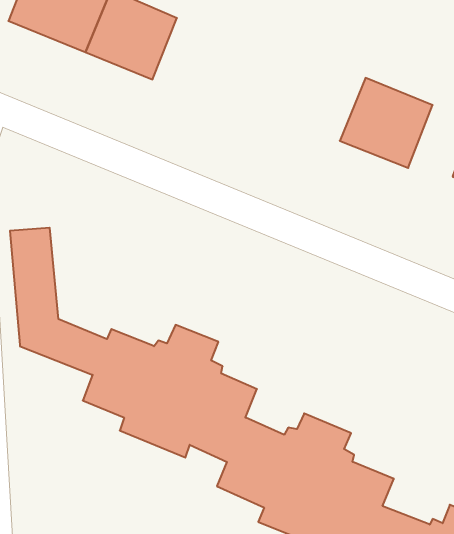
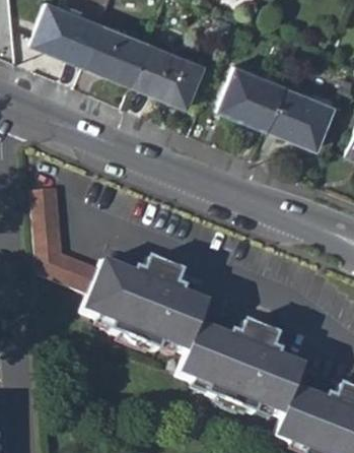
building: none -> [134,42,203,106]
building: none -> [219,64,285,129]

